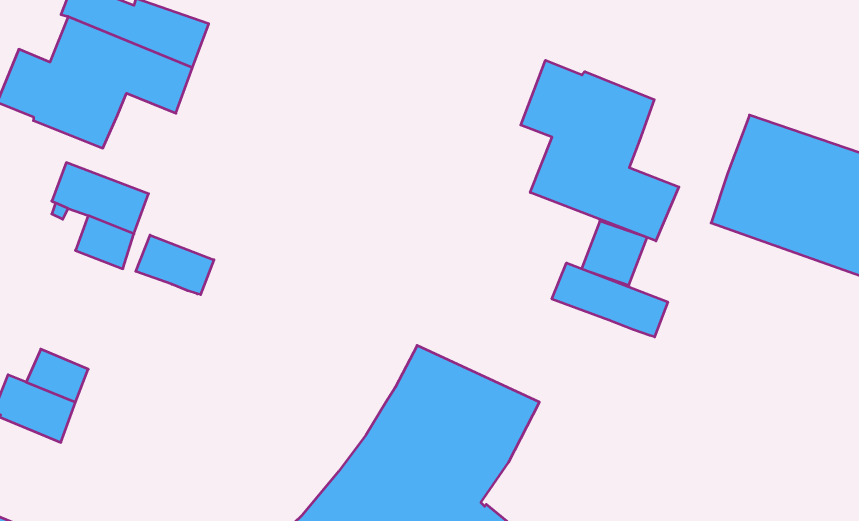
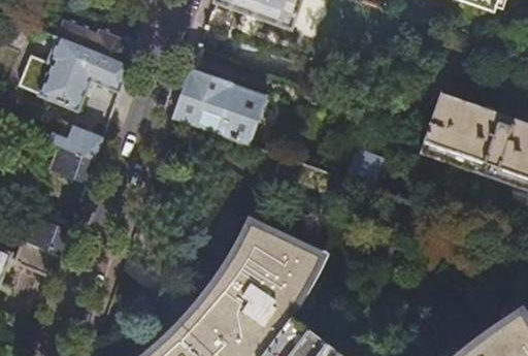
building: [521,60,679,241] -> none
building: none -> [171,67,264,143]
building: [136,235,214,295] -> none
building: [552,263,668,337] -> none

